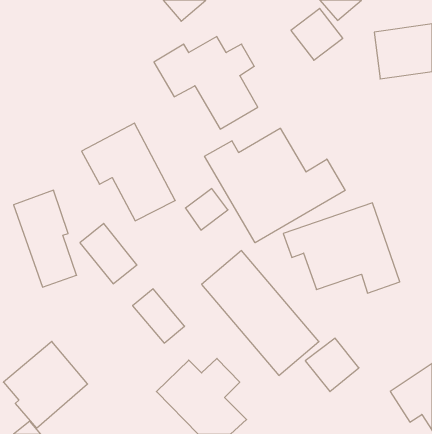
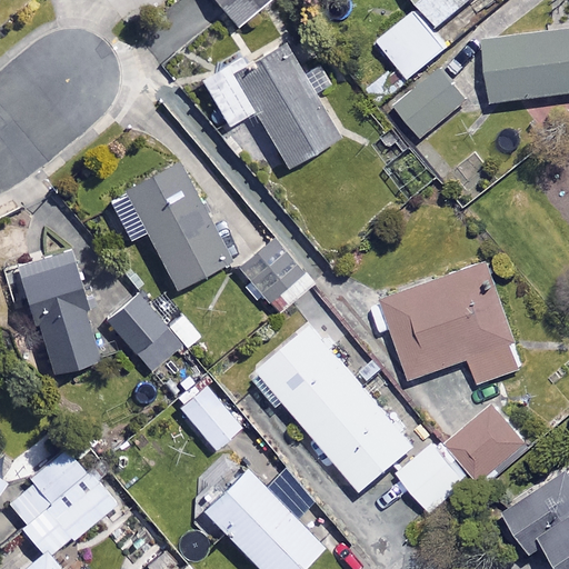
building: none -> [397,70,467,137]
building: [205,128,345,243] -> none
building: none -> [452,408,528,481]

